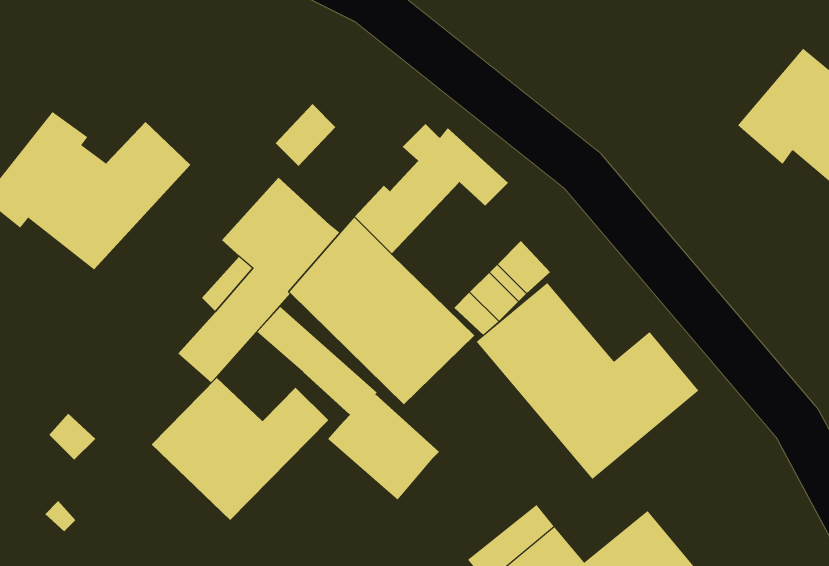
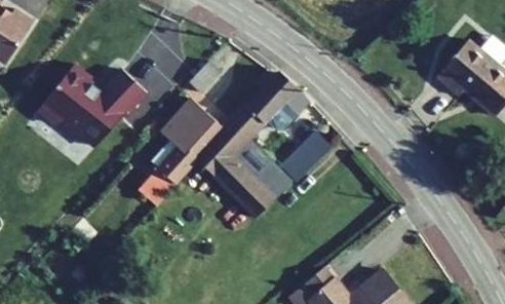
building: [476,282,699,480] -> none
building: [257,306,440,501] -> none
building: [151,377,329,521] -> none

